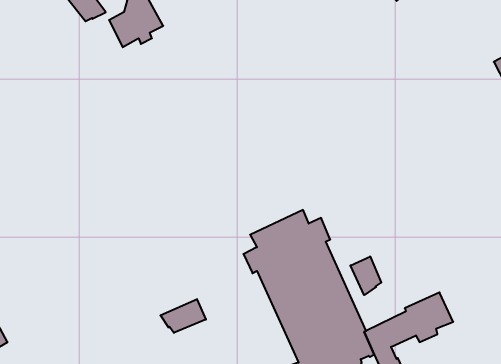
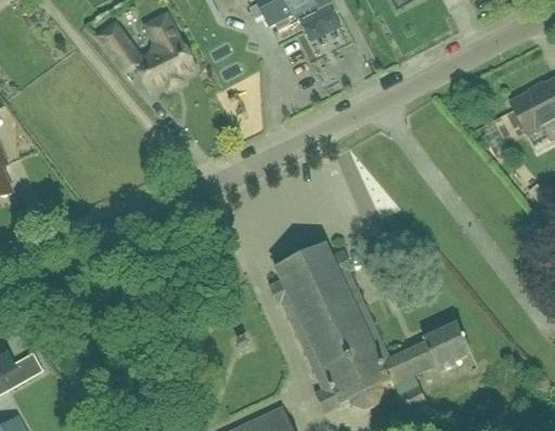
building: [350,256,381,295] -> none
building: [160,299,206,333] -> none

